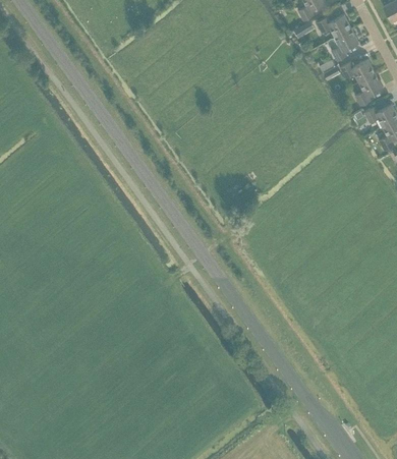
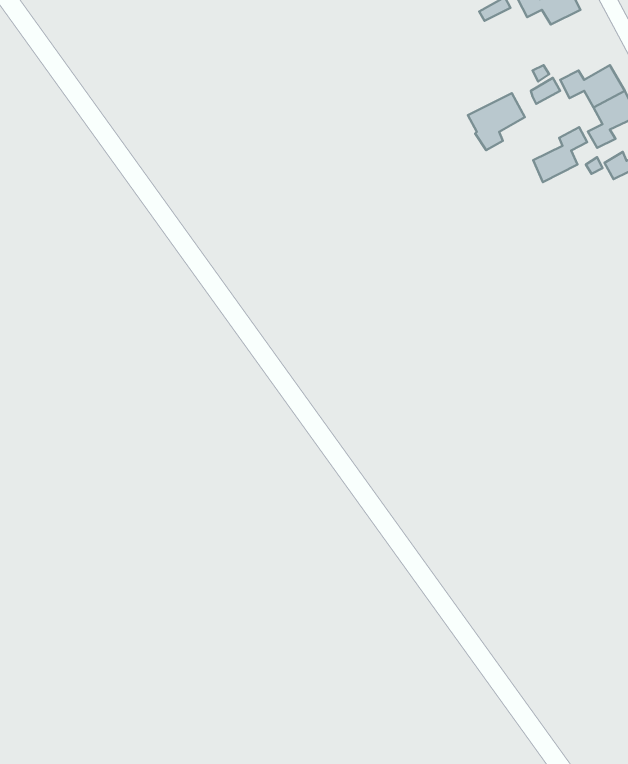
building: [327,30,358,61] -> [468,93,525,150]
building: none -> [533,127,587,182]

